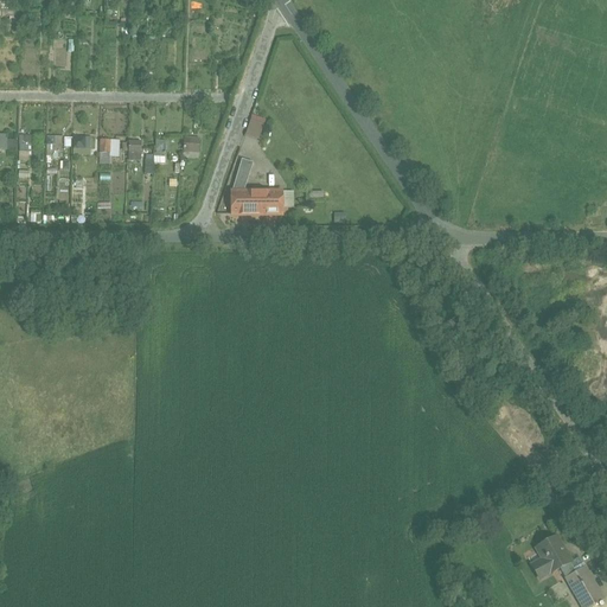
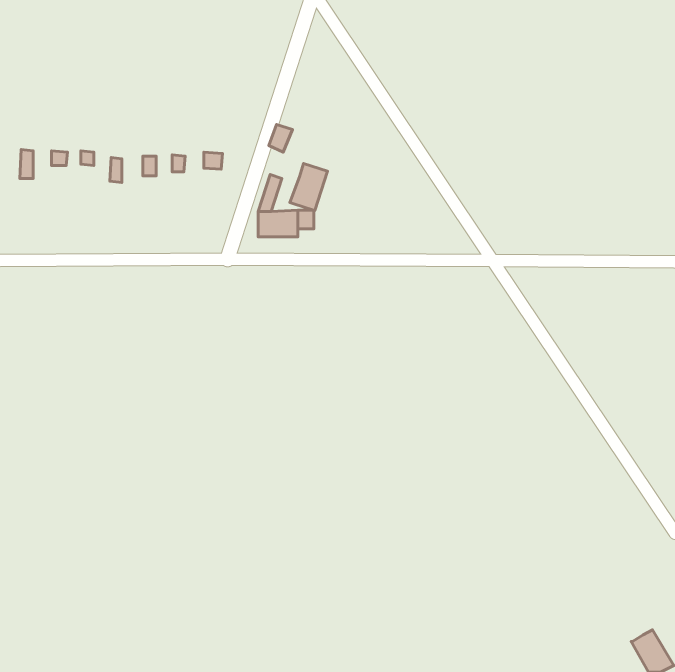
building: none -> [290,164,327,211]
building: [535,533,576,576] -> none

